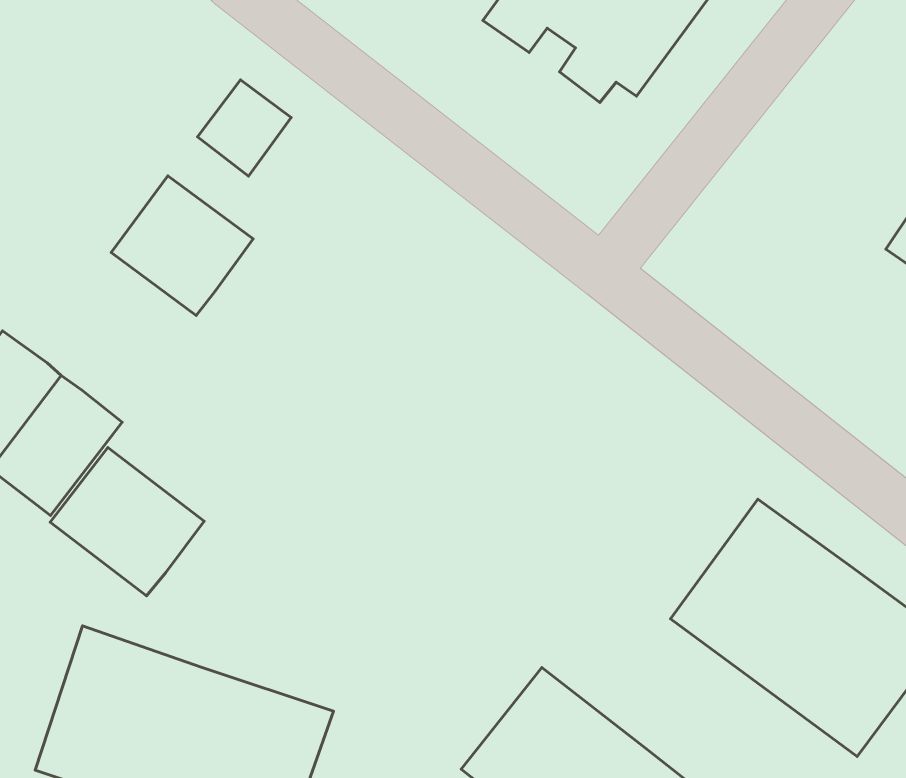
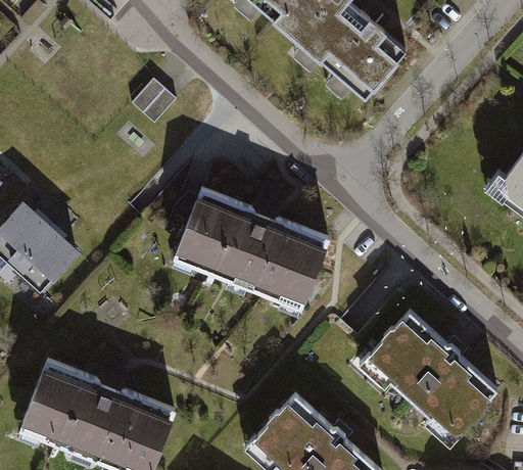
building: [111,176,253,315] -> none
building: none -> [172,188,330,315]
building: [50,447,204,596] -> none

